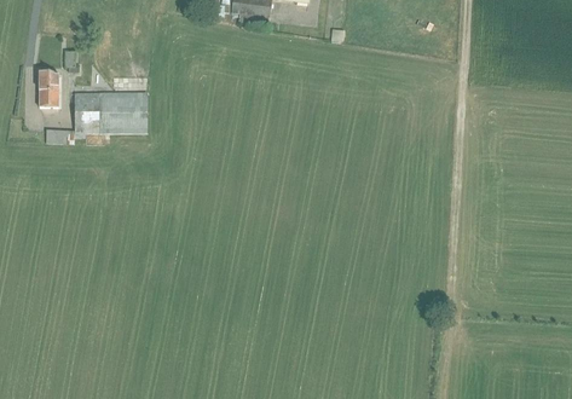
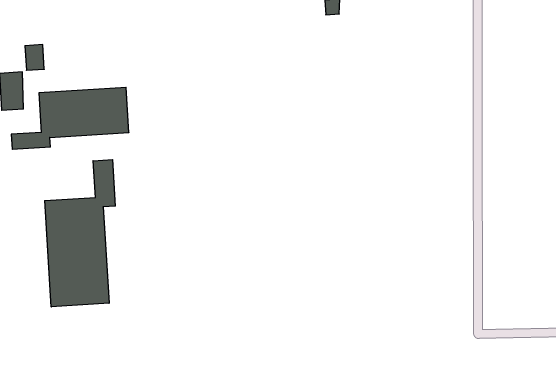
building: none -> [45,160,115,307]

